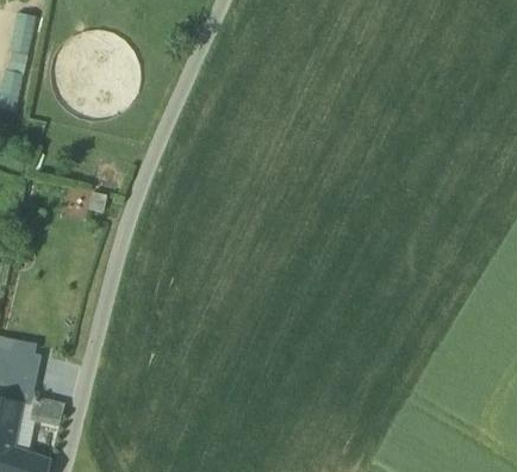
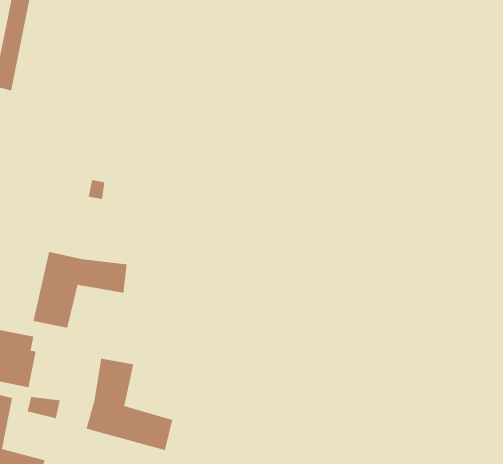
building: none -> [33,251,127,328]
building: none -> [86,358,173,451]

